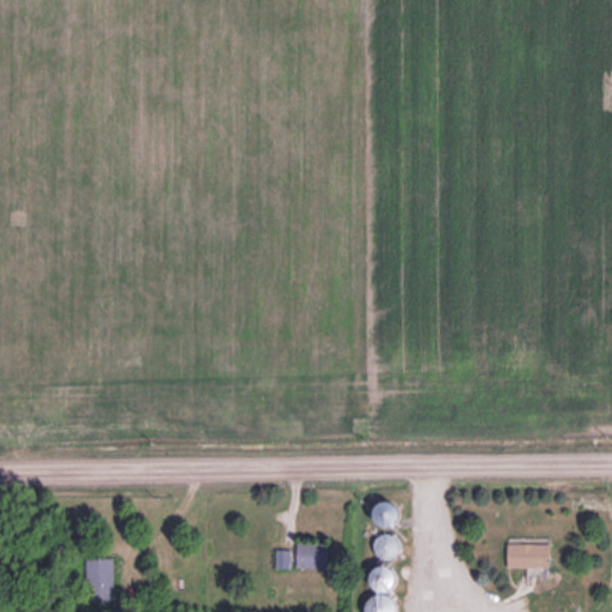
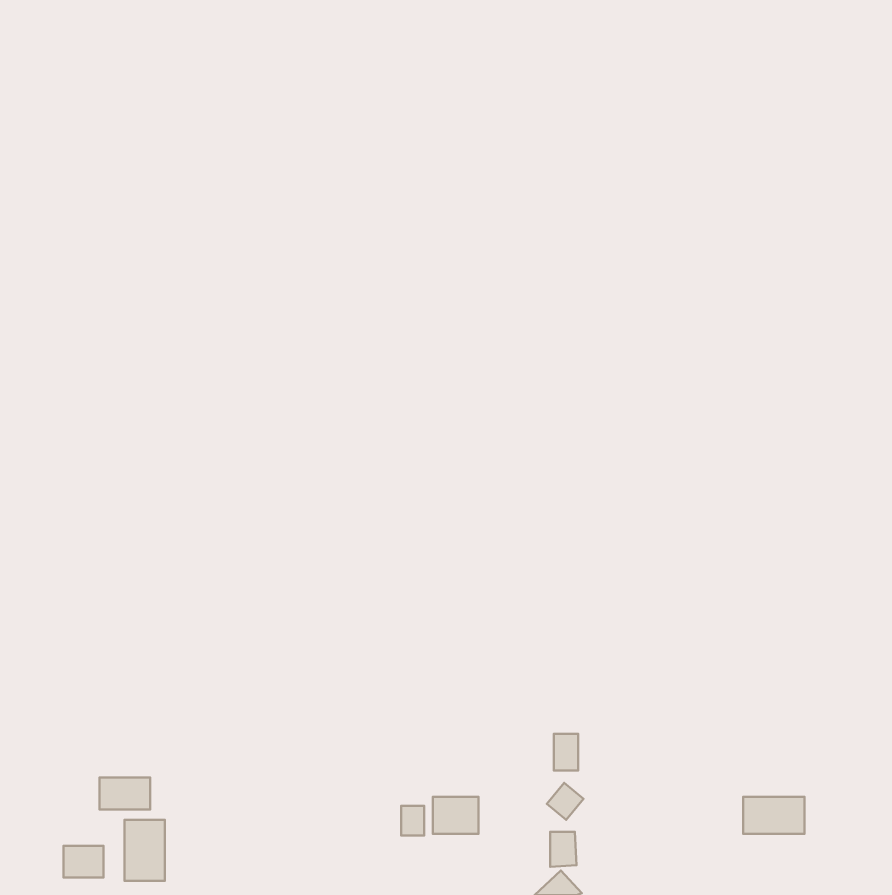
building: none -> [100,778,150,809]
building: none -> [63,846,103,878]

